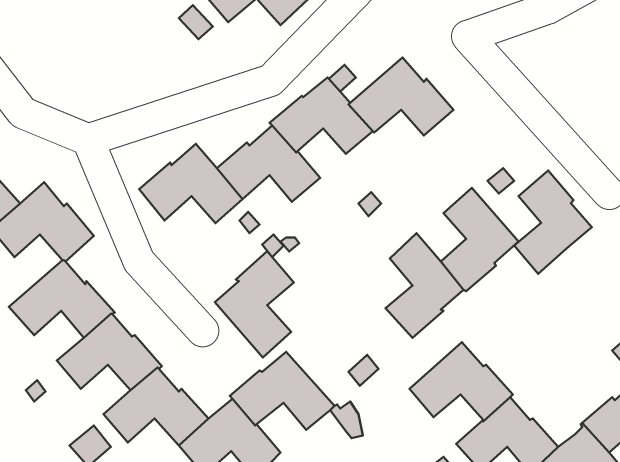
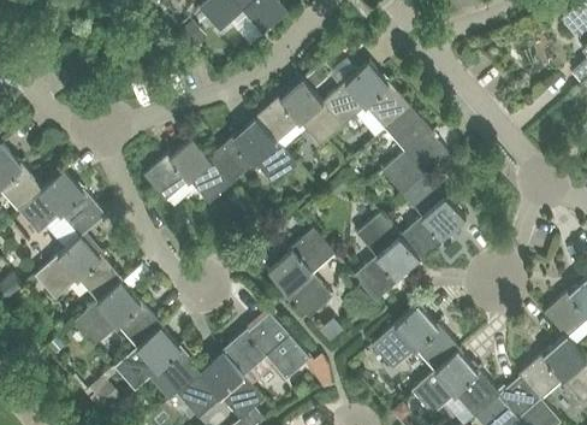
building: [514,171,592,274] -> [381,107,447,195]
building: [215,251,294,357] -> [267,228,334,318]

